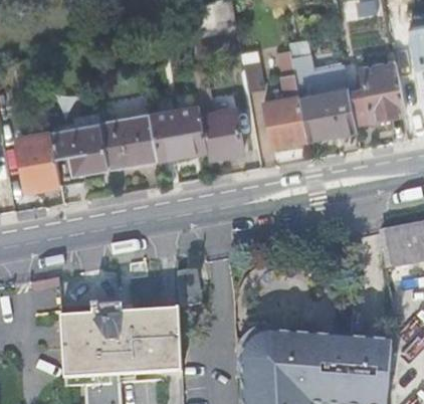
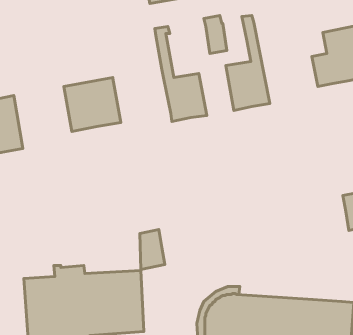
building: [291,55,357,141] -> none
building: [150,107,208,160] -> none
building: [50,124,109,186] -> none

